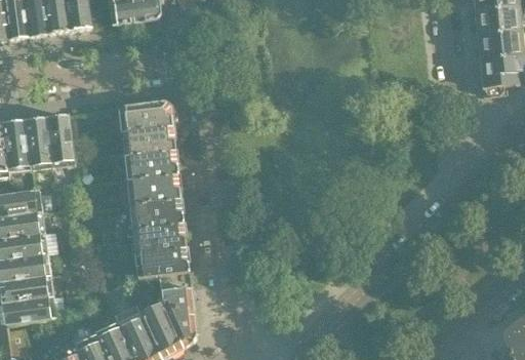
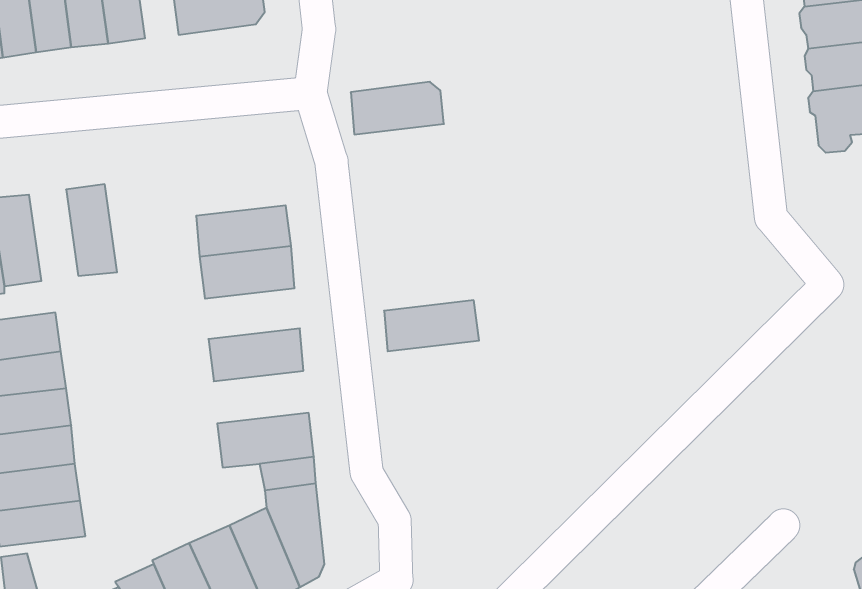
building: [118,99,172,130] -> [351,82,444,134]
building: [23,115,51,168] -> none
building: [125,172,180,202] -> [384,300,479,351]
building: [130,221,186,251] -> none

